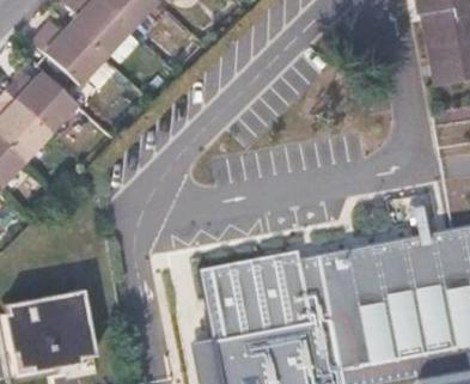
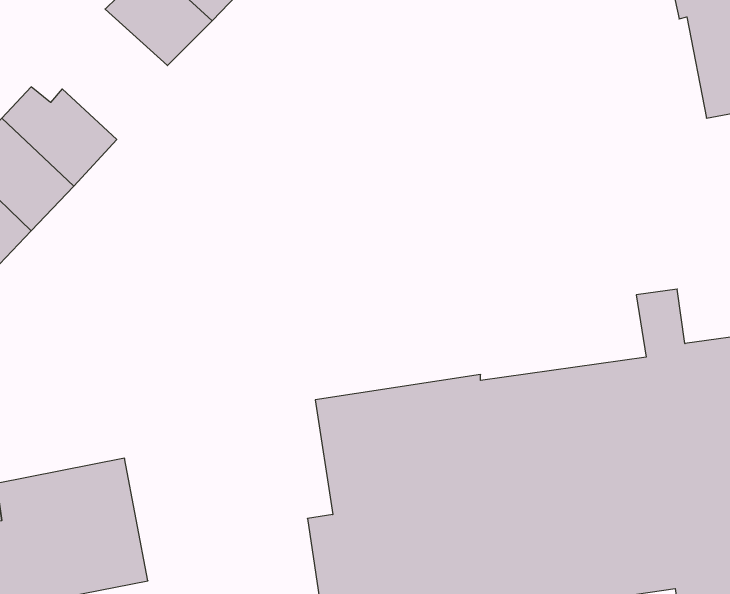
building: [36,20,110,84] -> none

